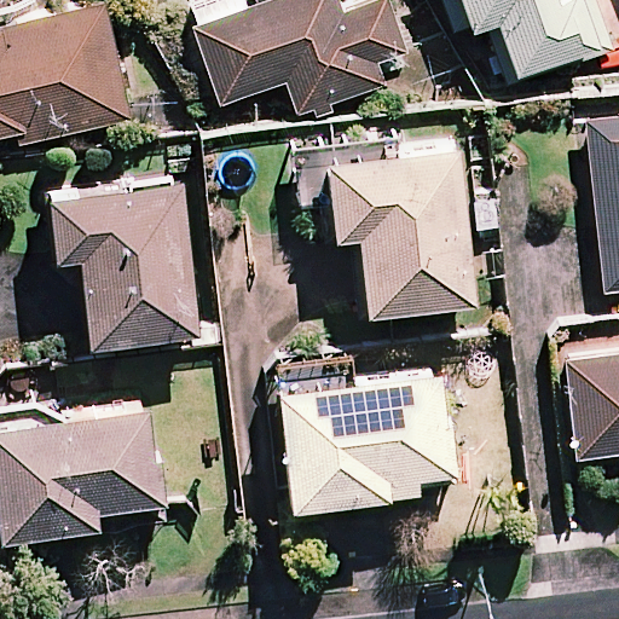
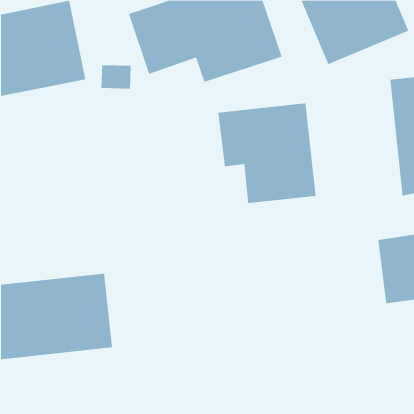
building: [46,177,207,347] -> none
building: [273,366,453,504] -> none

